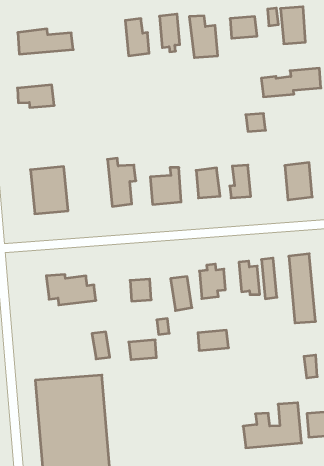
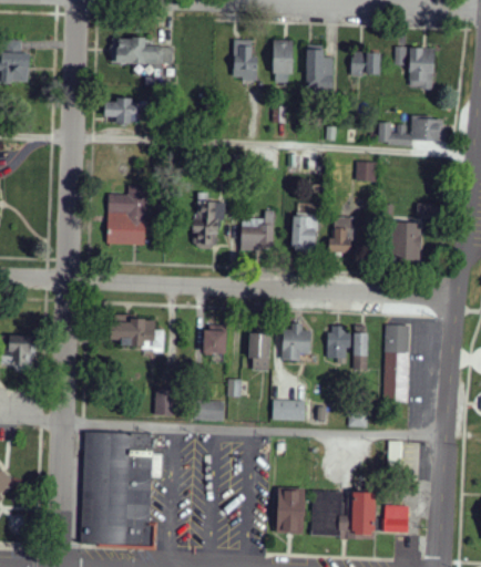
building: none -> [277,488,305,533]

